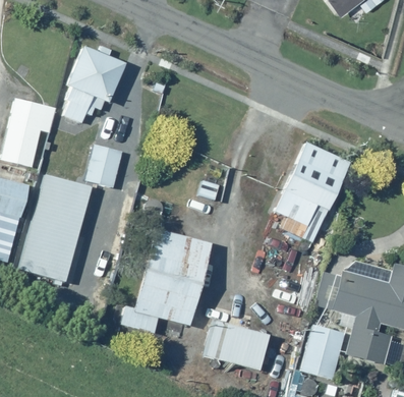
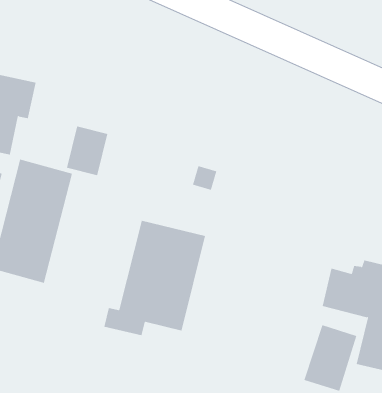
building: [62,43,125,121] -> none
building: [274,139,352,241] -> none
building: [206,319,272,371] -> none

